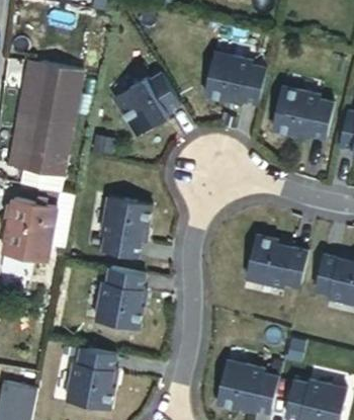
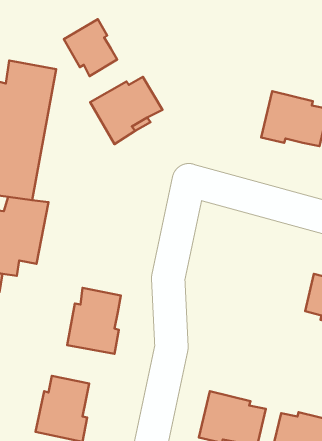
building: none -> [64,19,117,76]
building: [205,53,268,104] -> none
building: [96,196,146,257] -> none
building: [246,235,307,286] -> none

